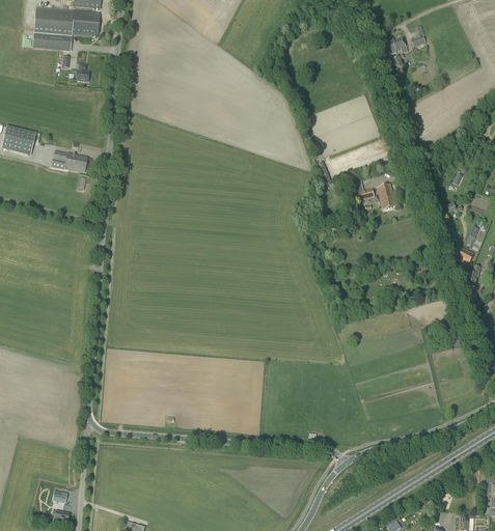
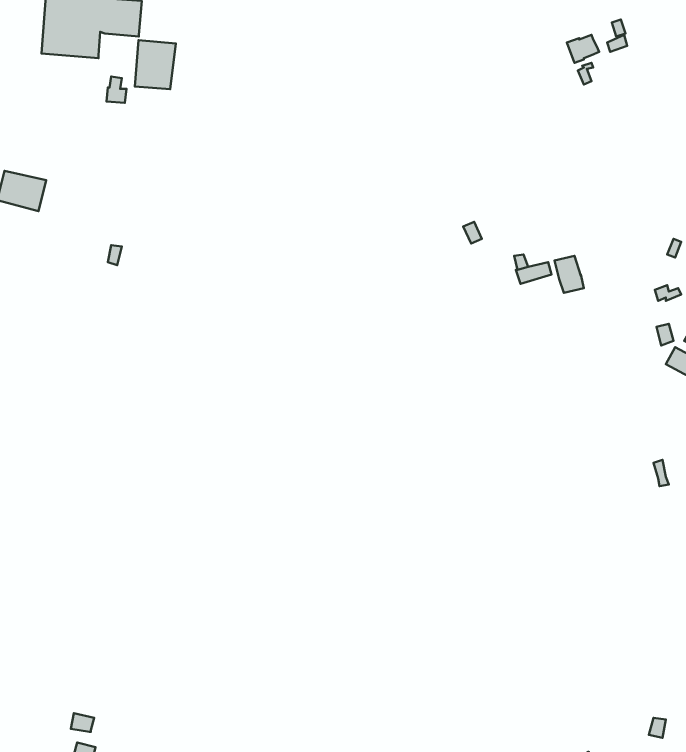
building: none -> [135,40,176,89]
building: [52,149,87,171] -> none

